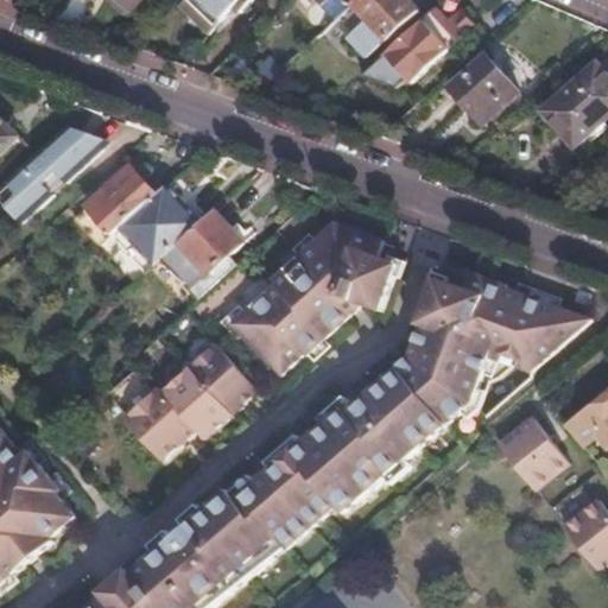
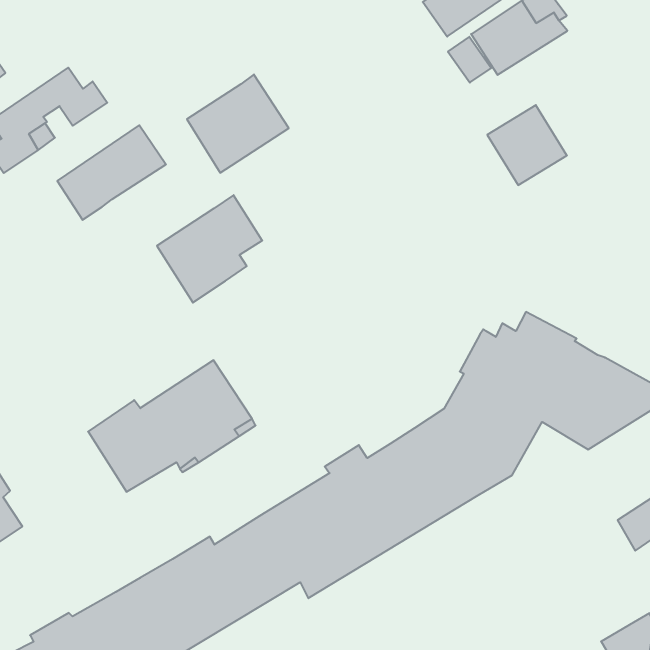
building: [449,52,515,119] -> [487,105,567,185]
building: [114,182,197,265] -> [187,74,289,173]
building: [228,220,393,374] -> none
building: [493,412,565,488] -> none

